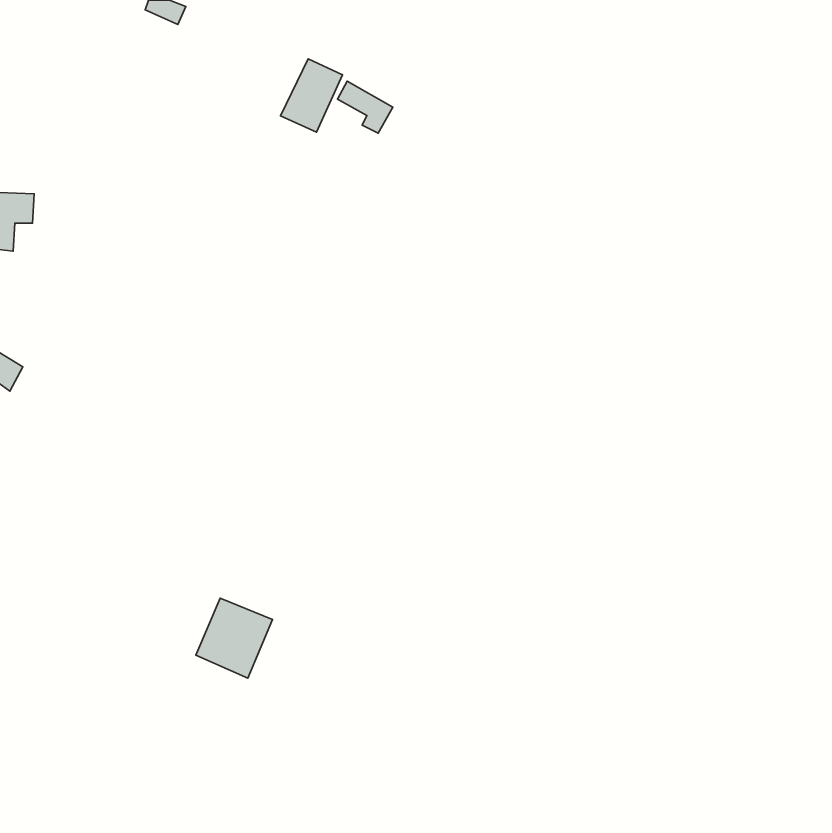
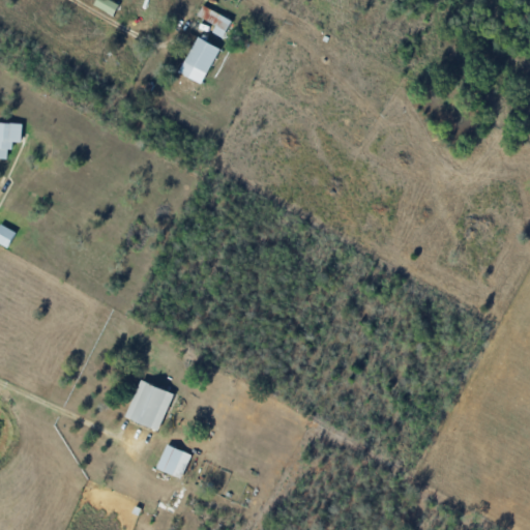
building: [338,81,393,133] -> [196,4,231,37]
building: none -> [155,444,190,478]

